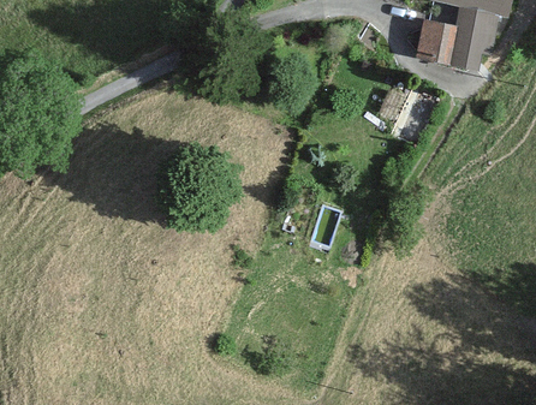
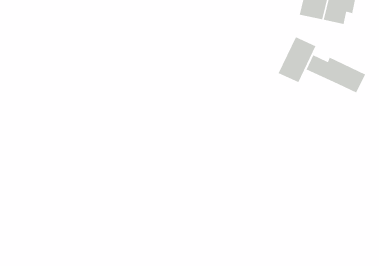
building: none -> [305,54,366,93]

